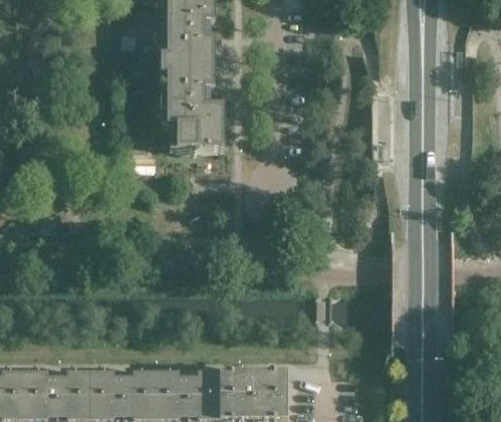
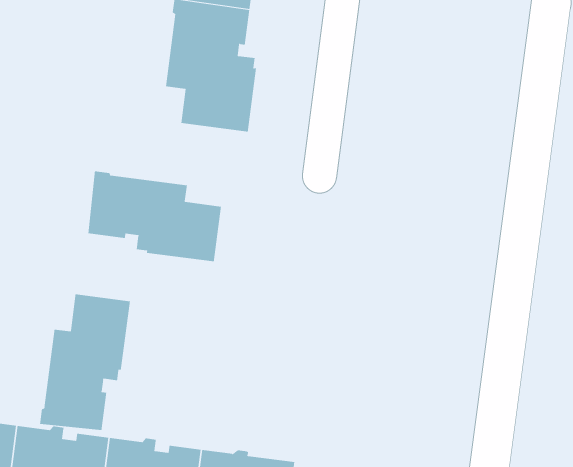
building: none -> [88,170,221,262]
building: none -> [39,294,130,431]

